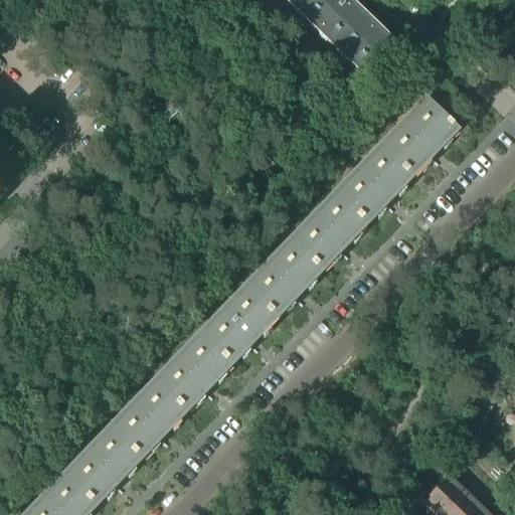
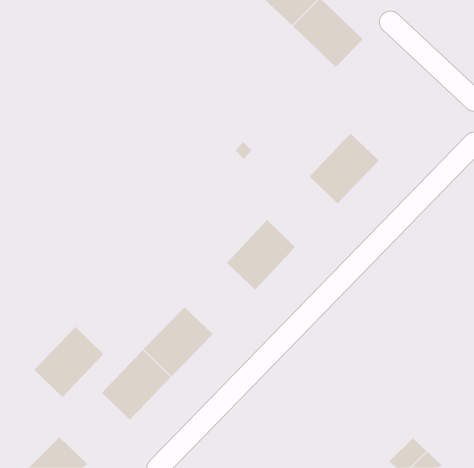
building: [380,97,457,174] -> none
building: [290,191,366,268] -> none
building: [200,285,277,362] -> none
building: [64,425,141,503] -> [34,326,104,398]

